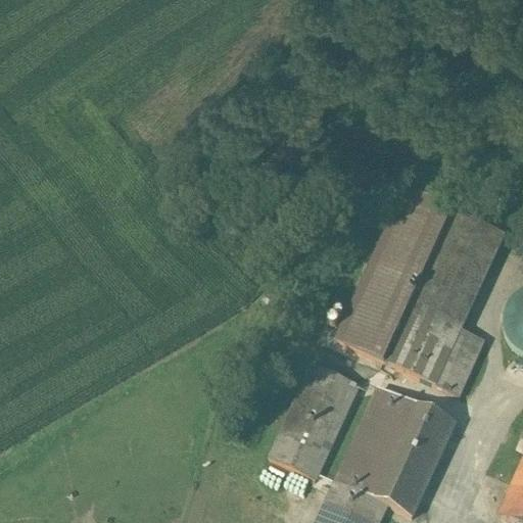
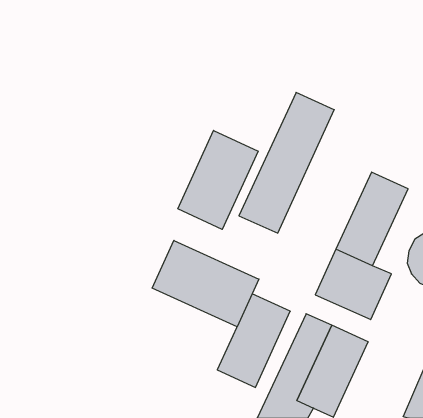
building: none -> [178,130,258,229]
building: [336,187,454,361] -> [239,92,334,233]
building: none -> [152,240,259,327]

